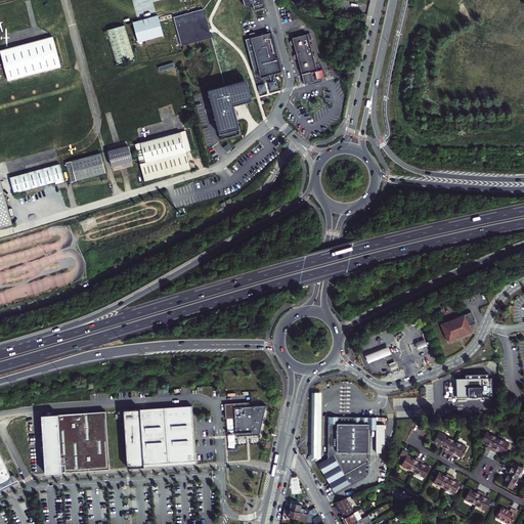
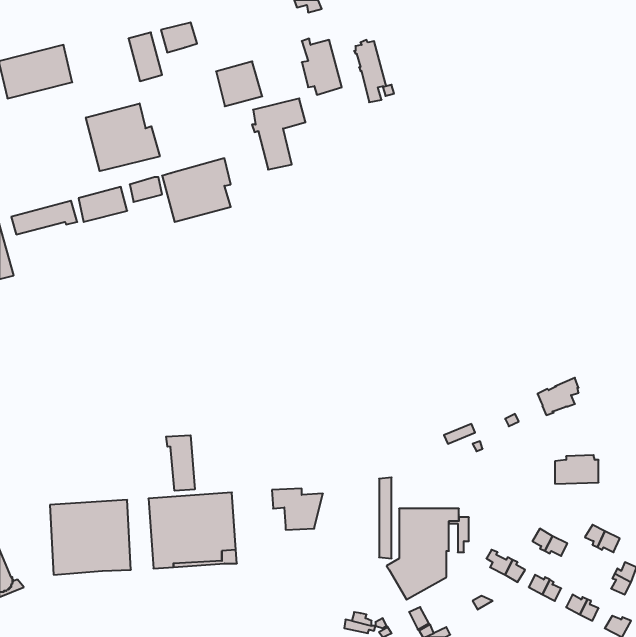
building: [173,9,211,46] -> [216,61,262,106]
building: none -> [86,103,160,171]
building: none -> [166,435,195,491]

